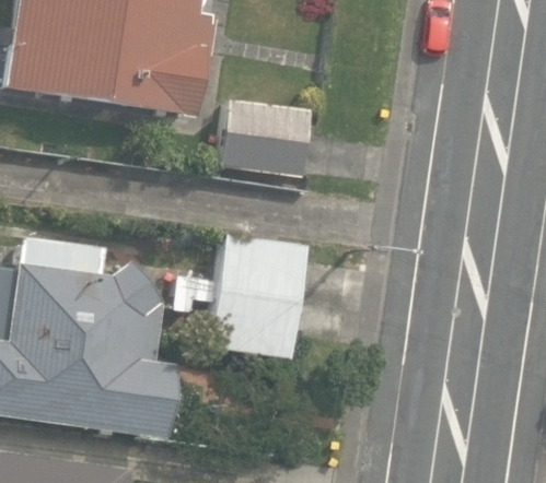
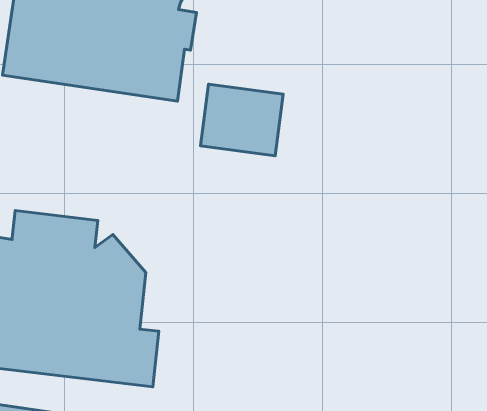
building: [210,233,309,360] -> none

